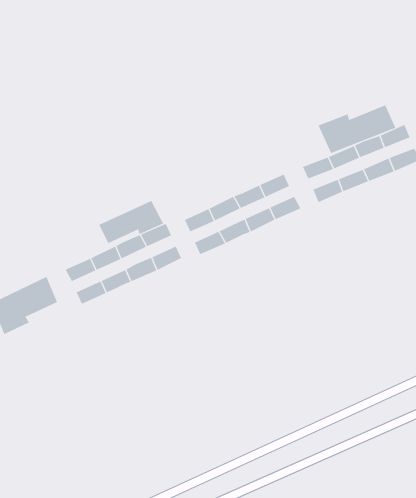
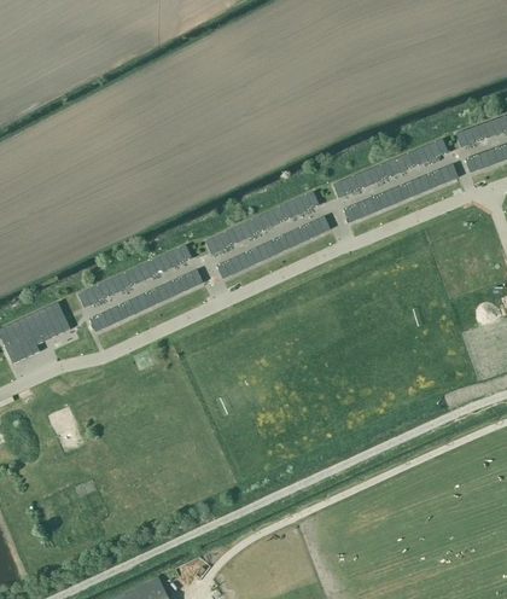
building: [318,105,396,154] -> none
building: [98,200,164,244] -> none

